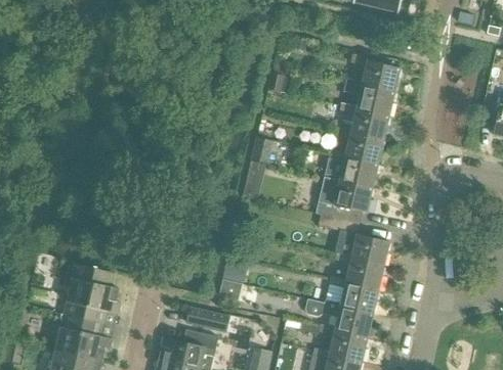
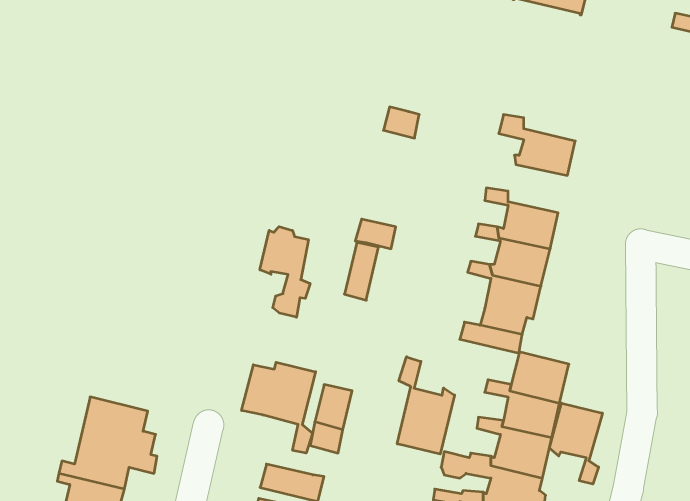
building: [350,54,400,96] -> none
building: [339,103,388,143] -> none
building: none -> [260,227,310,317]
building: none -> [397,357,455,454]
building: none -> [242,362,316,453]
building: none -> [549,403,602,484]

